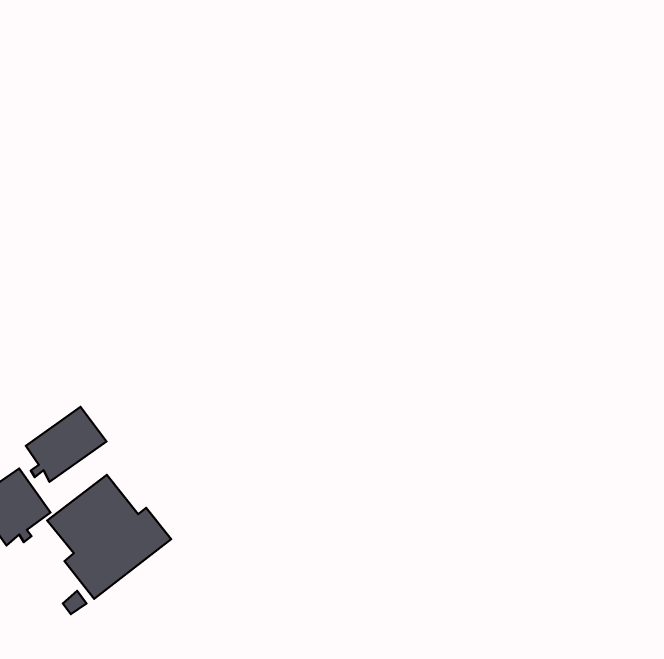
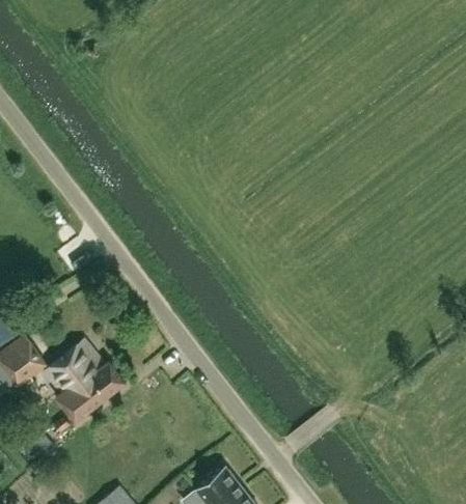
building: [26,407,107,482] -> none

